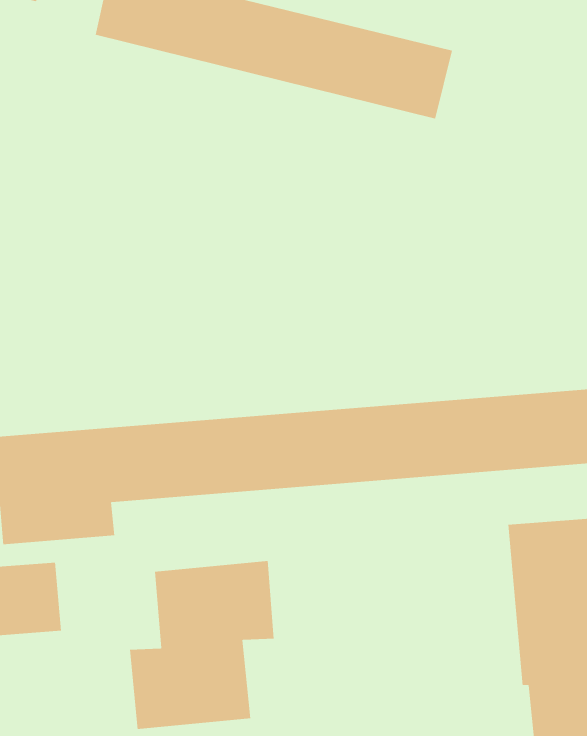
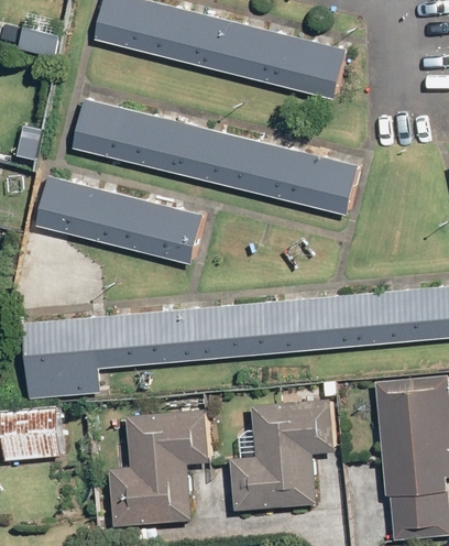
building: none -> [65,97,342,211]
building: none -> [28,174,195,263]
building: none -> [231,401,335,512]

